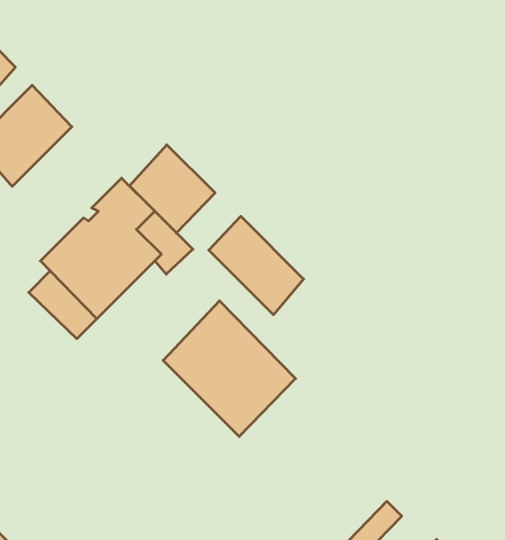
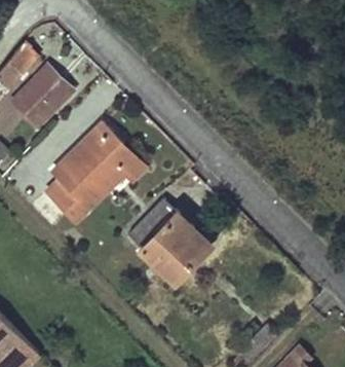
building: [129,145,215,233] -> none
building: [209,216,304,315] -> none

